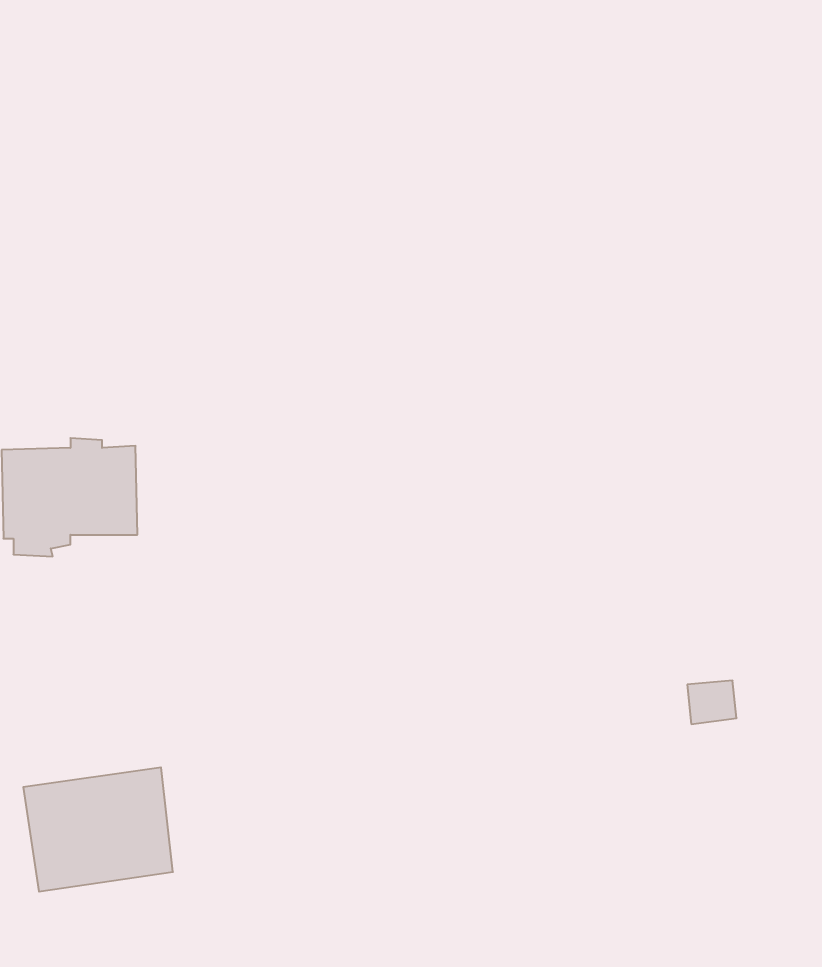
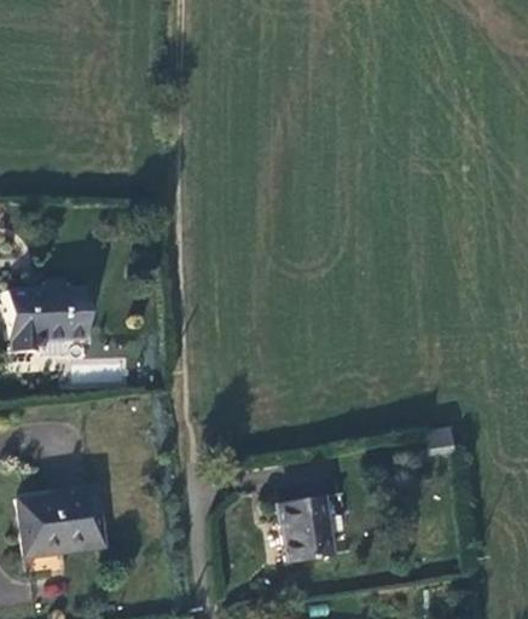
building: none -> [274,494,335,563]

